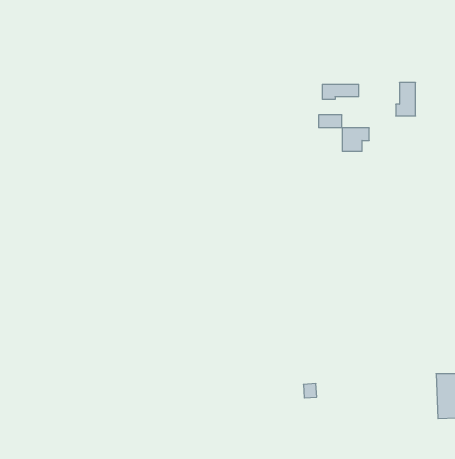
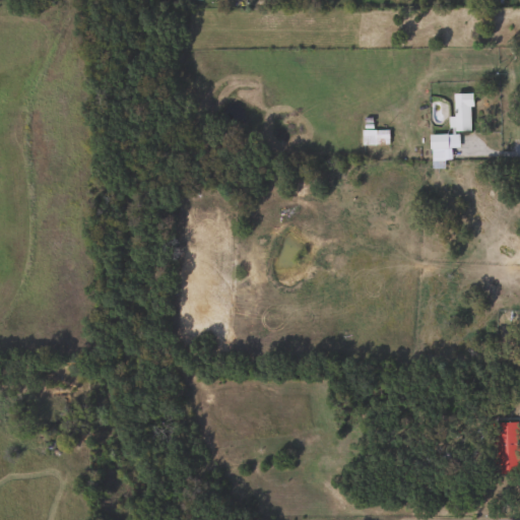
building: [322,84,359,99] -> none
building: [342,128,369,151] -> [432,134,462,160]

